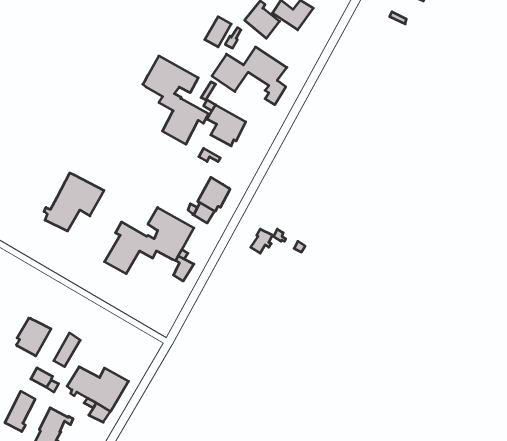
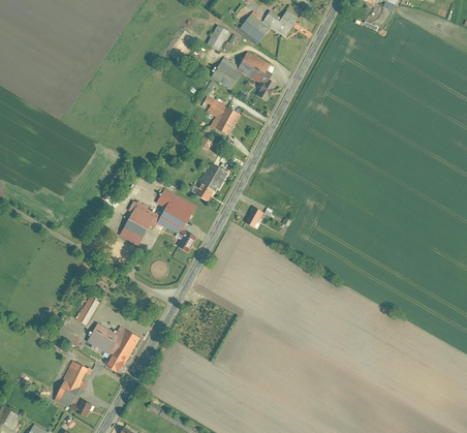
building: [143,56,209,144] -> none
building: [44,173,104,231] -> none
building: [16,318,51,356] -> none
building: [5,391,35,432] -> none

